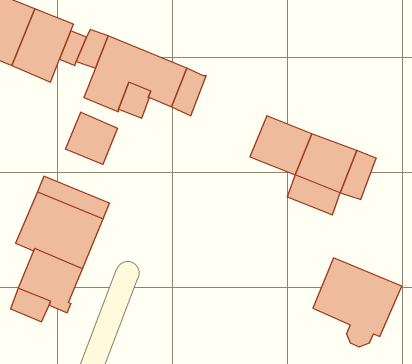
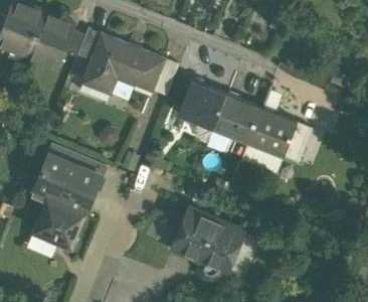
building: none -> [180,82,227,128]
building: [65,112,118,164] -> none
building: [313,258,402,347] -> [174,207,243,277]

